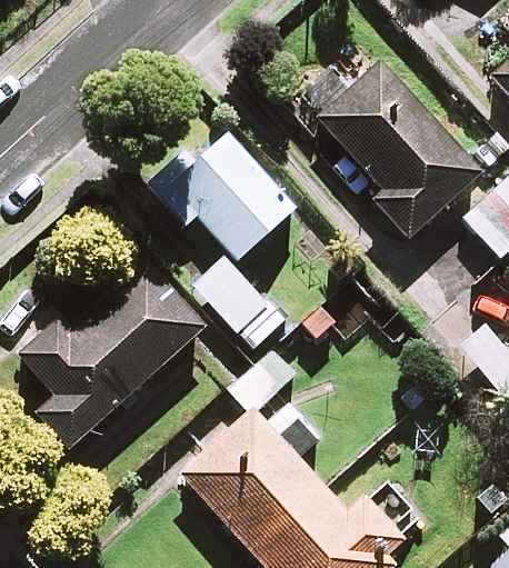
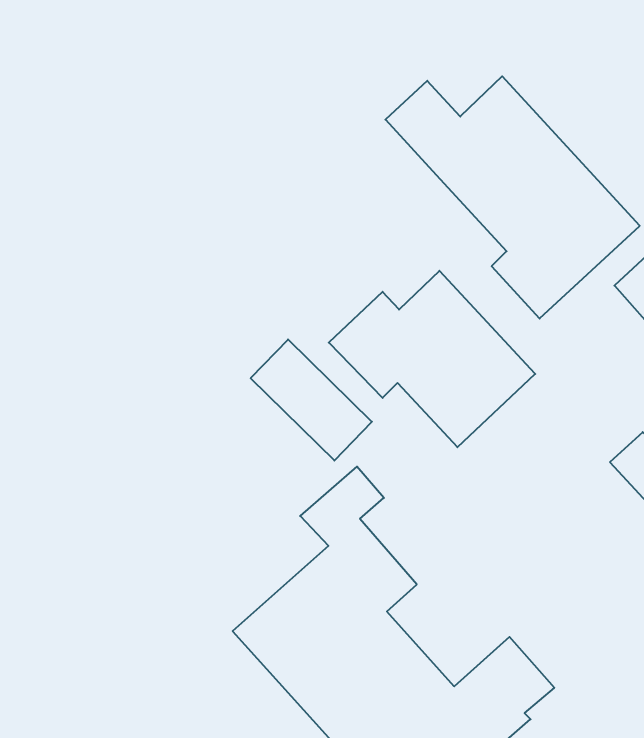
building: [144,130,298,261] -> [329,271,535,447]
building: [19,262,206,450] -> none

